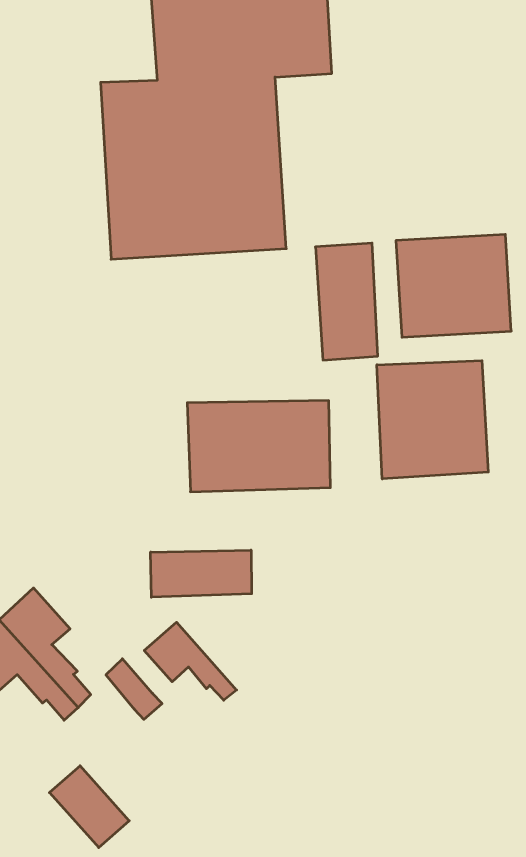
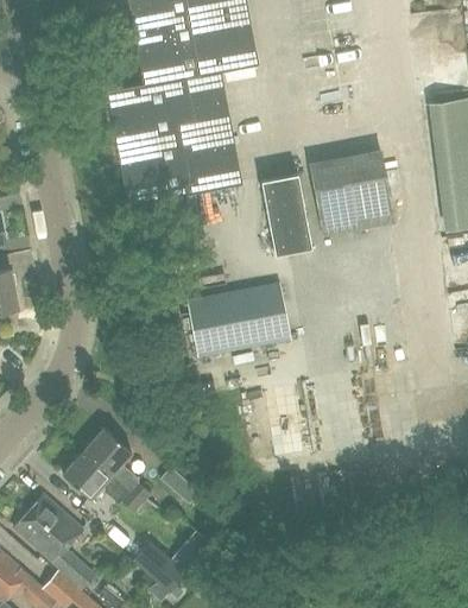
building: [377,361,488,479] -> none
building: [151,550,252,597] -> none
building: [144,622,237,700] -> none

